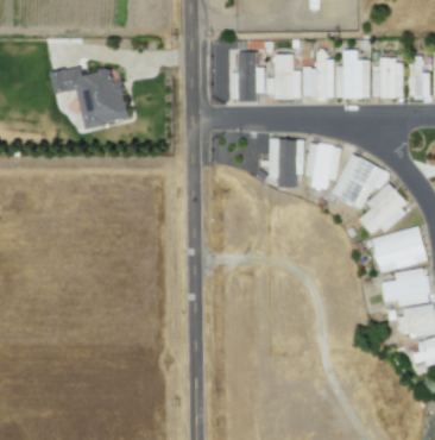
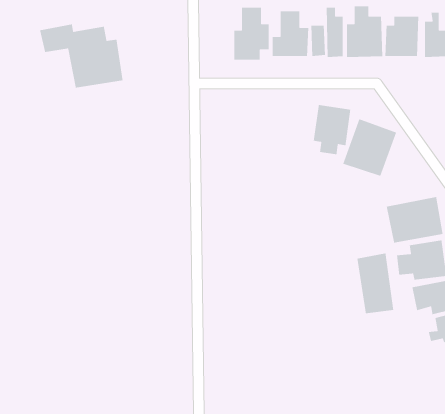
building: [270,139,304,188] -> none
building: [359,182,410,234] -> none
building: none -> [357,252,394,314]

